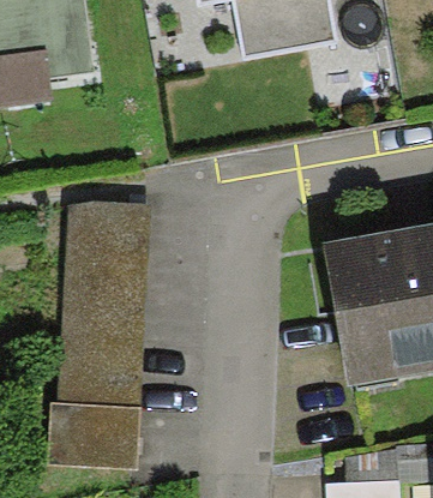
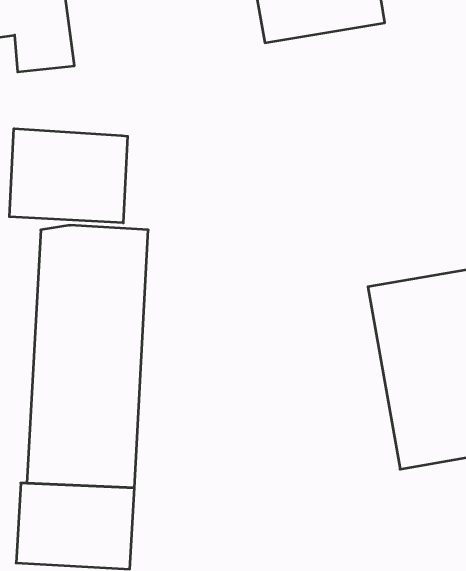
building: none -> [9,129,128,223]

